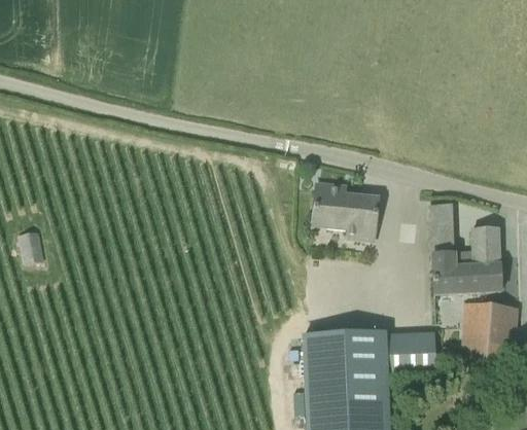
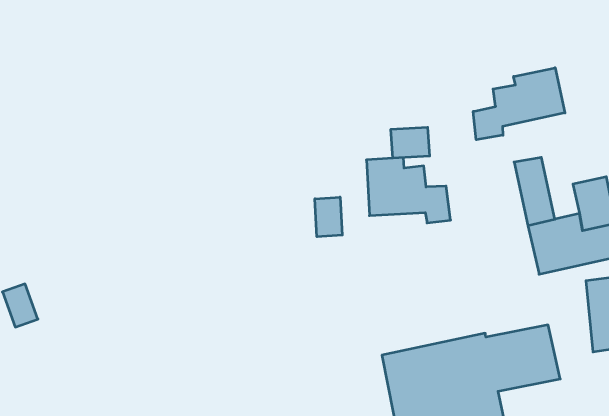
building: none -> [473,68,565,140]
building: none -> [391,127,430,158]
building: none -> [315,197,342,237]

